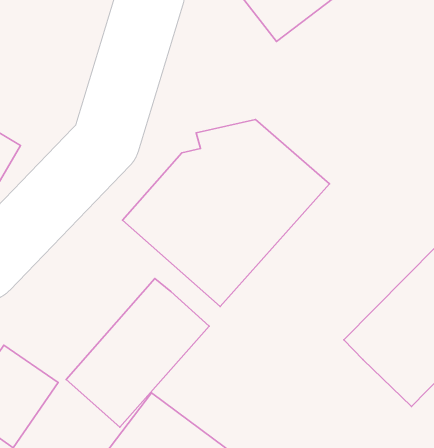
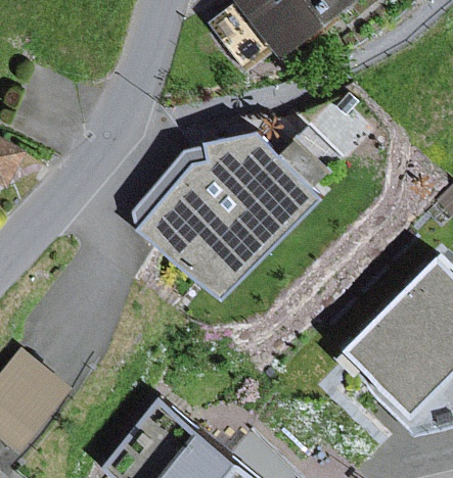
building: [66,278,209,427] -> none

